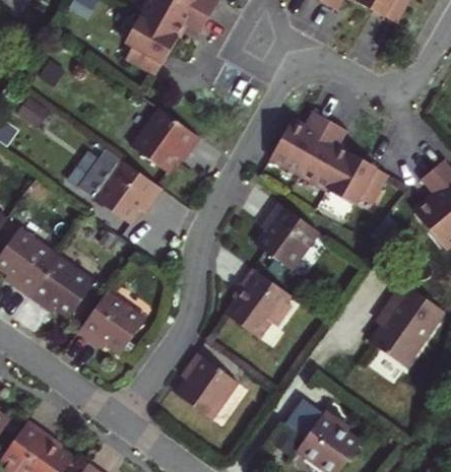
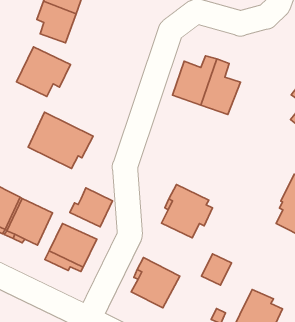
building: [131,109,201,173] -> [16,47,70,97]
building: [333,156,389,206] -> none
building: [256,201,320,270] -> none
building: none -> [70,188,112,227]
building: [284,402,324,443] -> [202,254,231,285]

